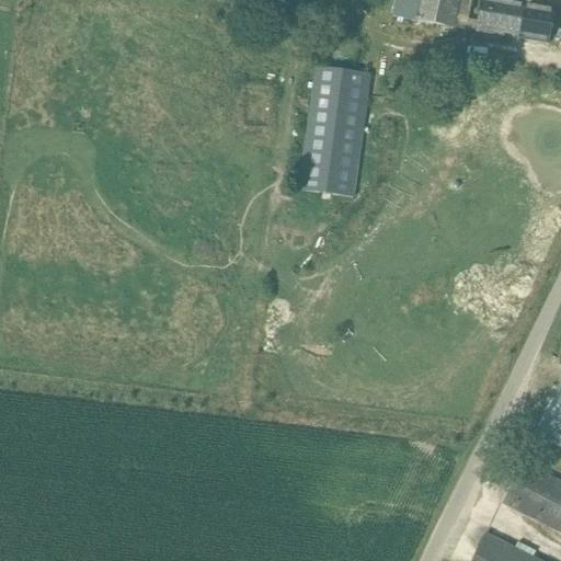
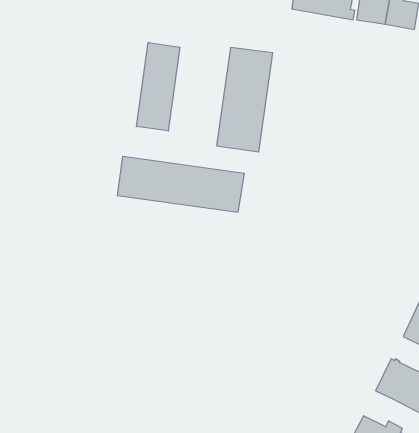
building: none -> [136,42,180,131]
building: none -> [117,156,244,212]

